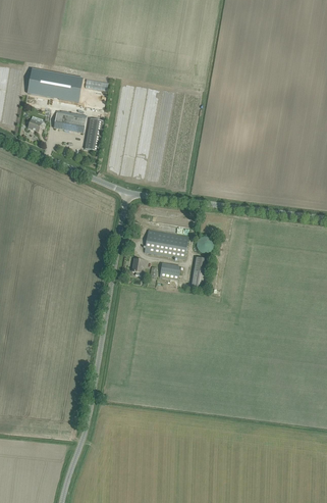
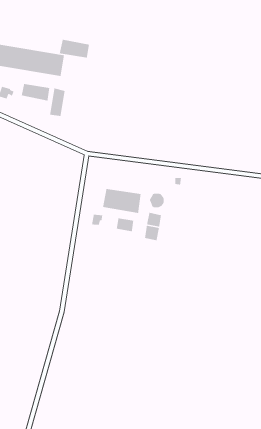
building: none -> [59,39,90,58]

